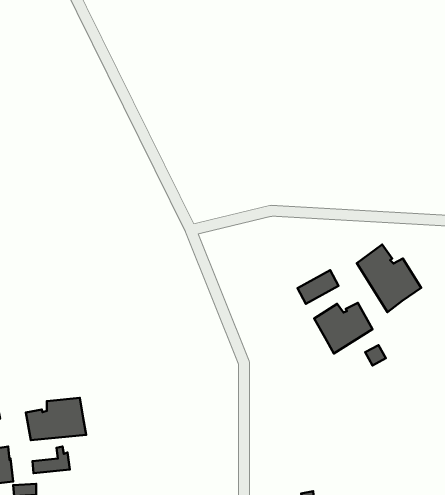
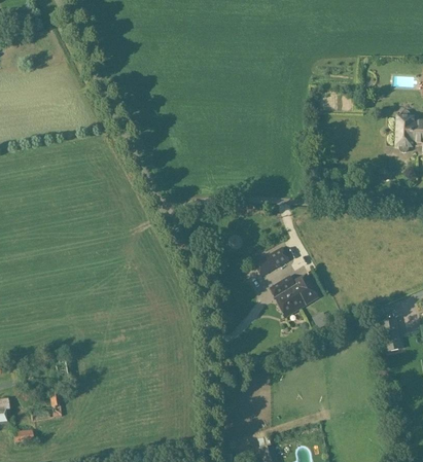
building: [357,245,421,312] -> none
building: [26,398,86,440] -> none

